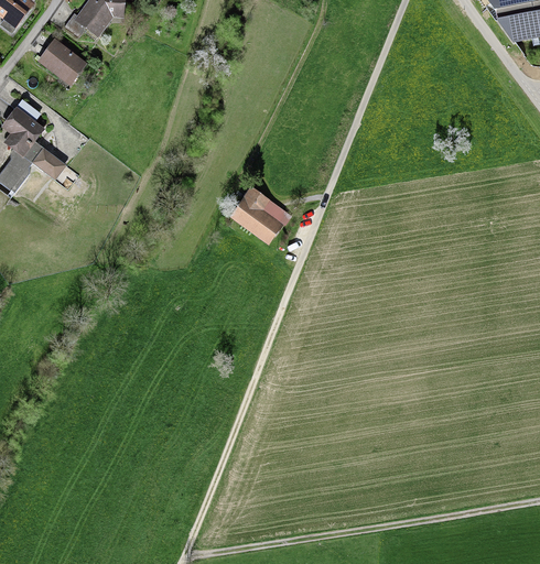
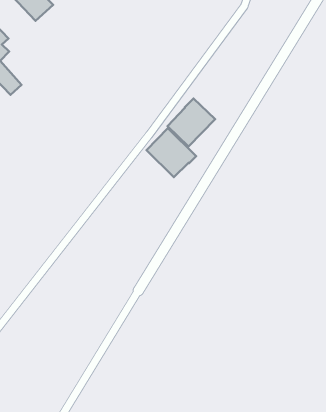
building: none -> [167,98,215,147]

